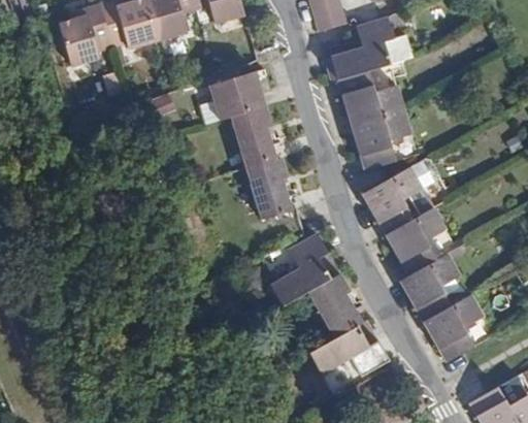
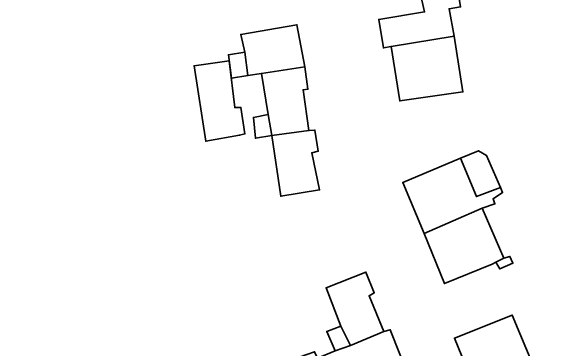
building: none -> [194,61,245,141]
building: [351,110,416,169] -> none
building: [270,234,340,306] -> none
building: [399,254,469,321] -> none

